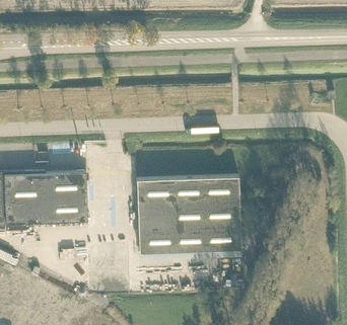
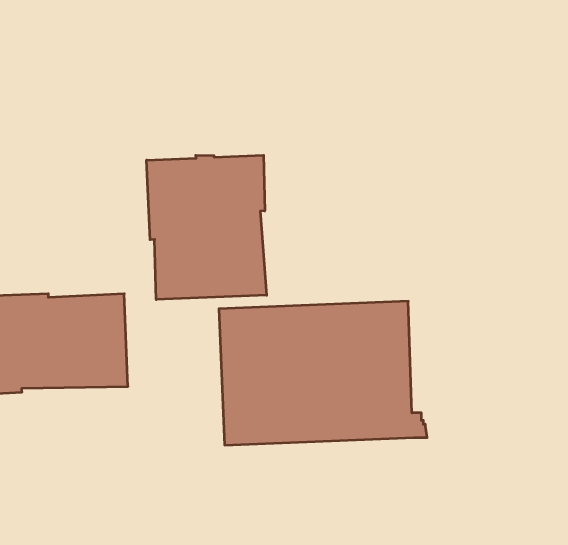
building: none -> [147,155,267,300]

